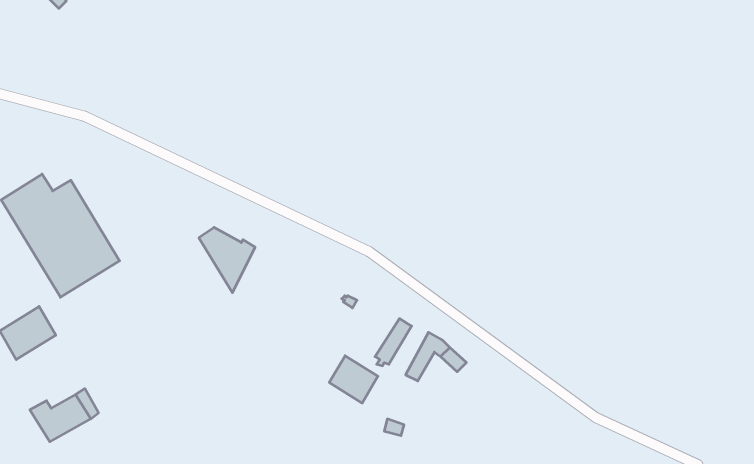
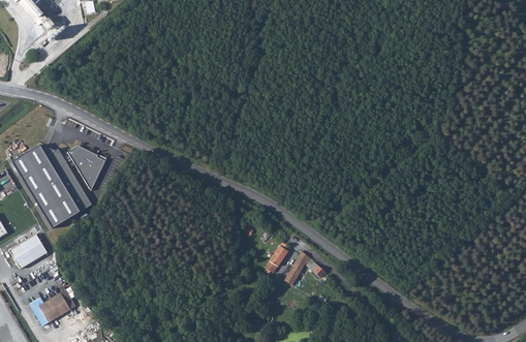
building: [199,227,255,293] -> [67,144,105,188]
building: [329,356,378,403] -> none

